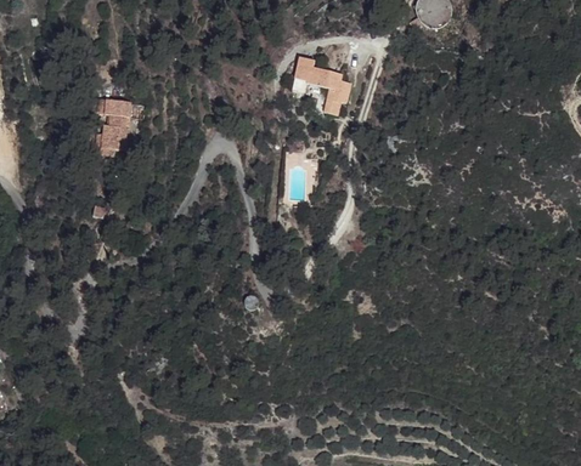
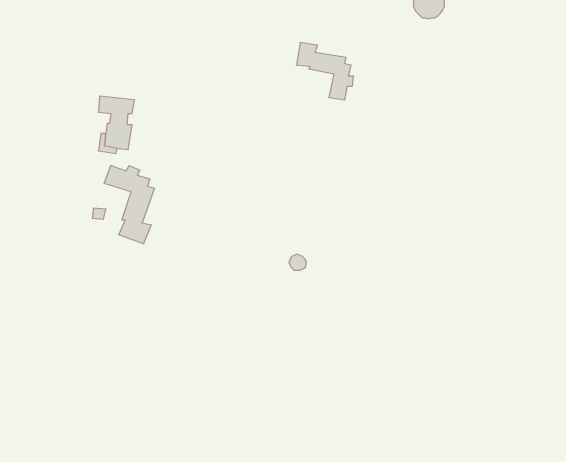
building: none -> [104,165,155,244]

